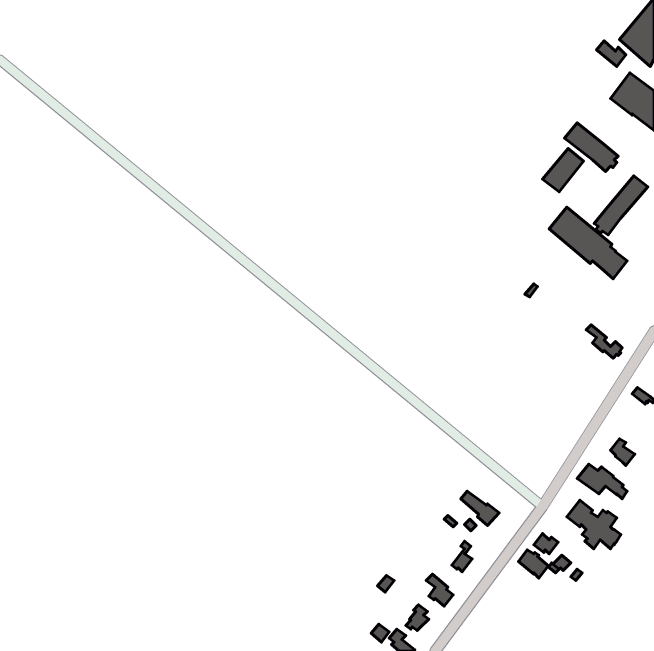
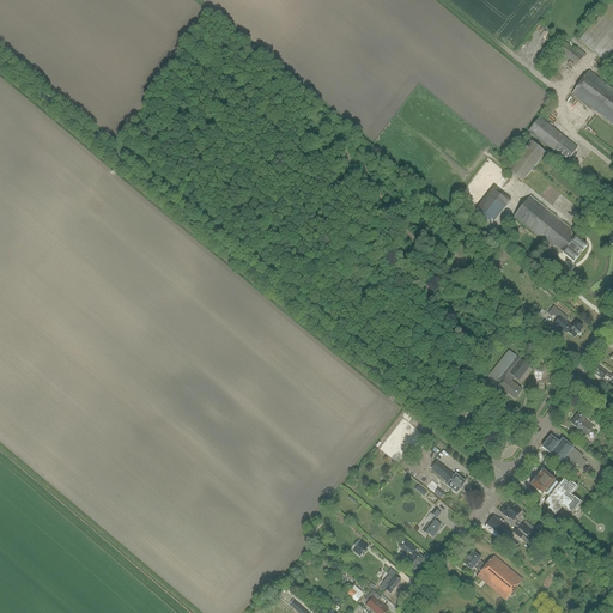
building: [594,176,648,235] -> none
building: none -> [475,183,511,220]
building: none -> [485,348,533,397]
building: none -> [463,551,523,599]

